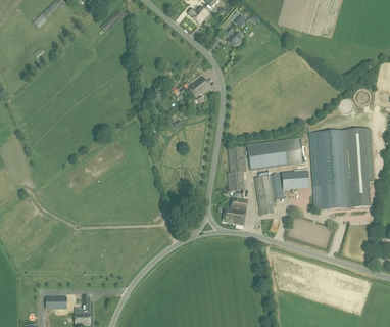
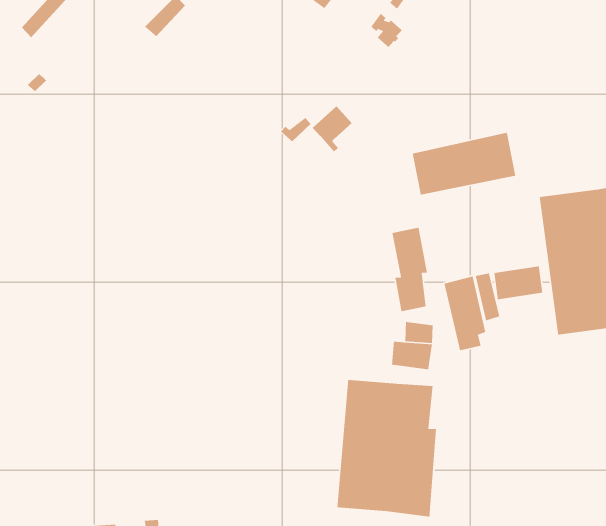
building: [247,137,303,169] -> [412,132,516,196]
building: none -> [336,379,437,517]

